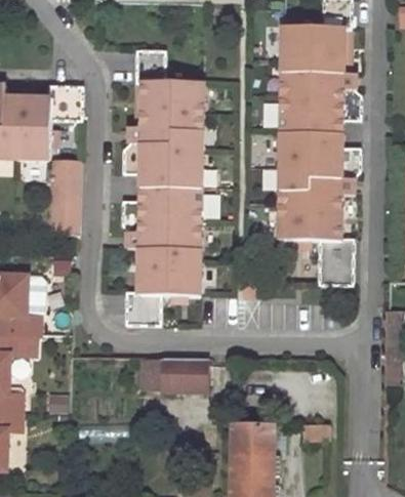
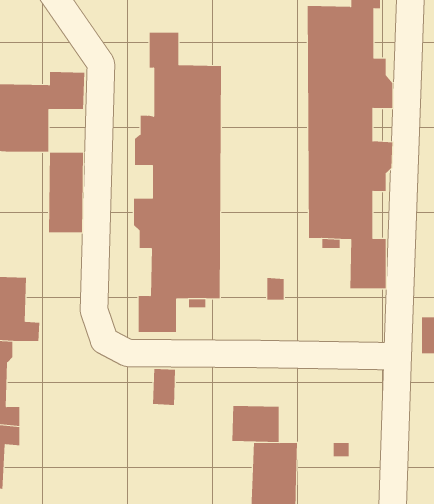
building: [162,359,206,392] -> [231,405,280,442]

